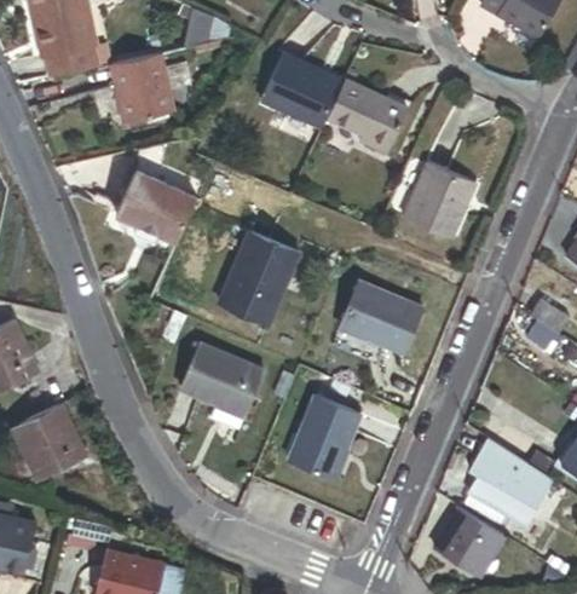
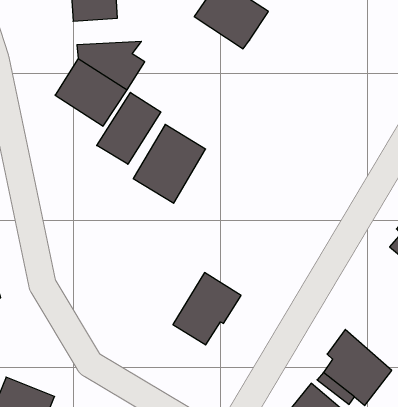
building: [329,81,410,155] -> none
building: [403,163,478,242] -> none
building: none -> [97,92,161,164]
building: [339,282,421,353] -> none
building: [184,346,266,432] -> none

